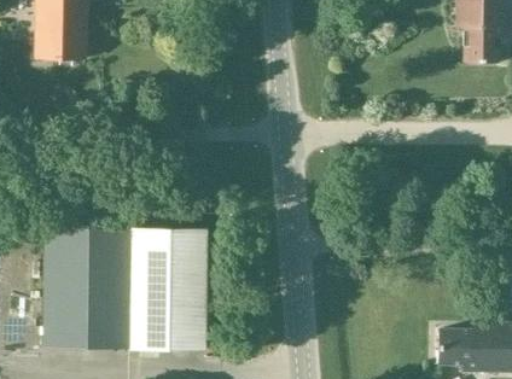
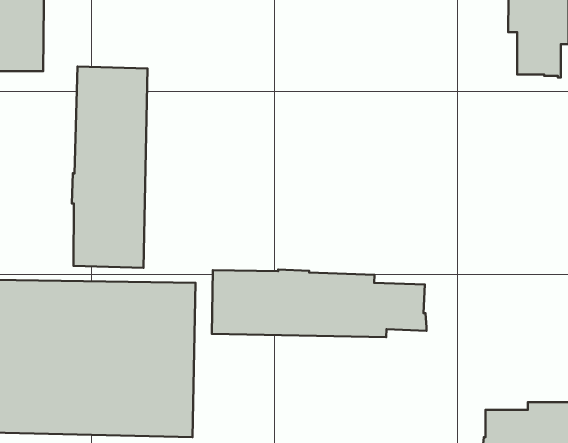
building: none -> [72,67,147,268]
building: none -> [212,270,427,337]

